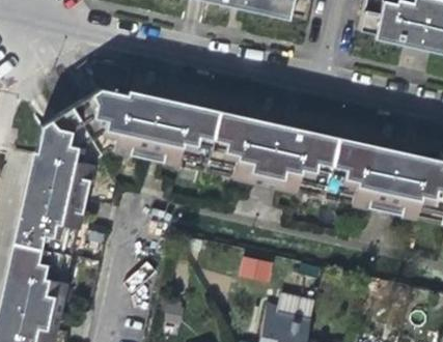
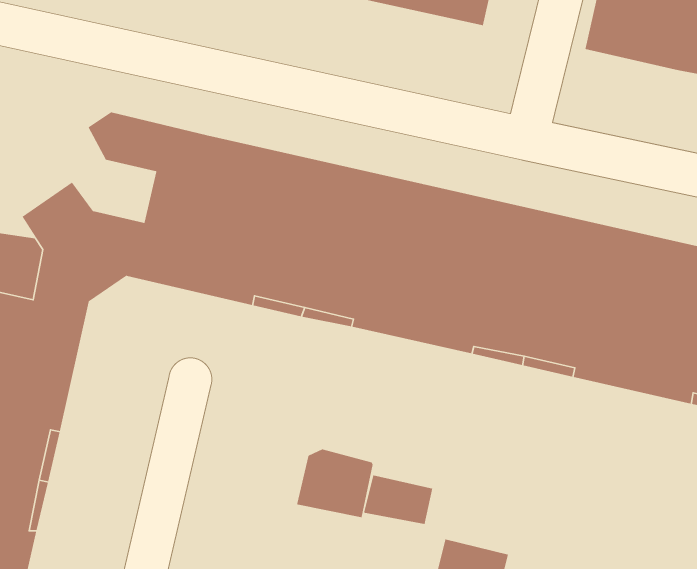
building: [83,92,128,125] -> none
building: none -> [296,448,374,518]

